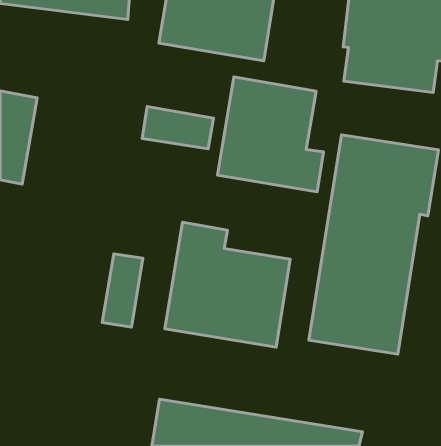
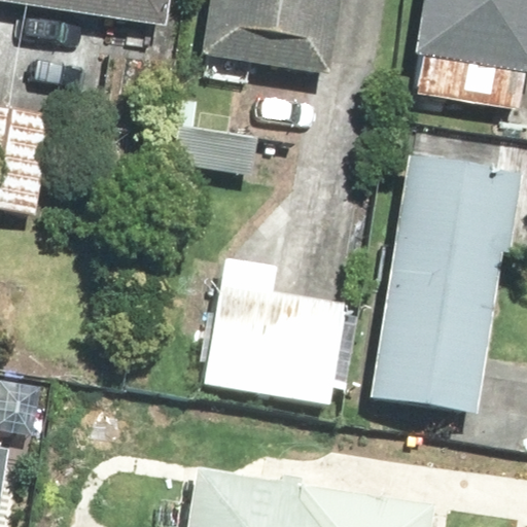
building: [217,77,324,192] -> none

